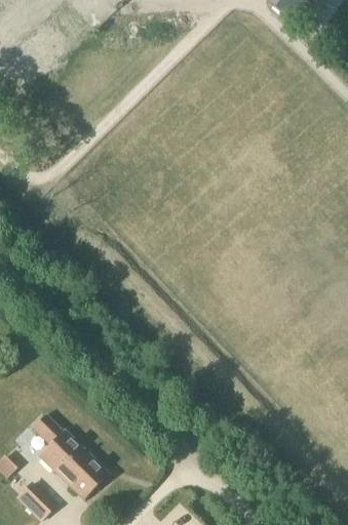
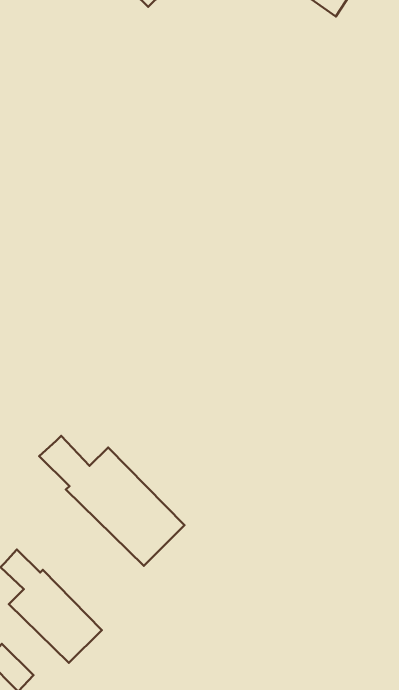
building: none -> [39,436,184,566]

